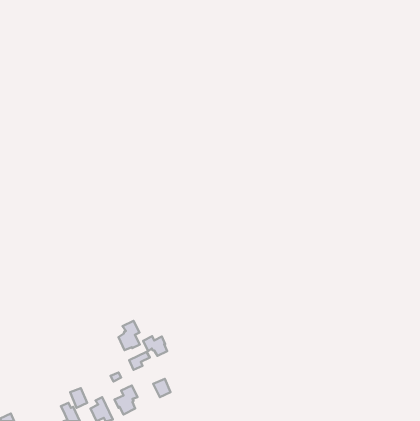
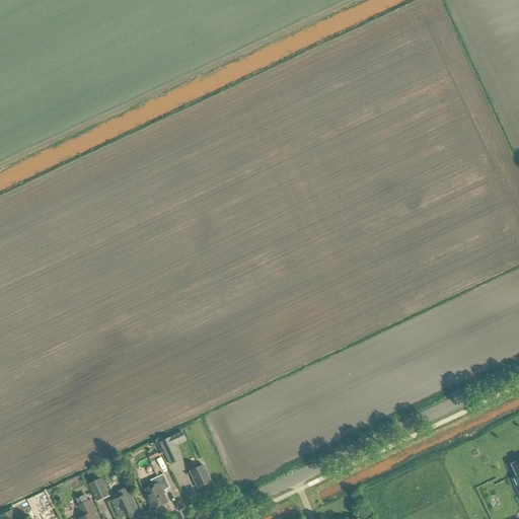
building: [118,321,140,350] -> none
building: [143,336,167,356] -> none

